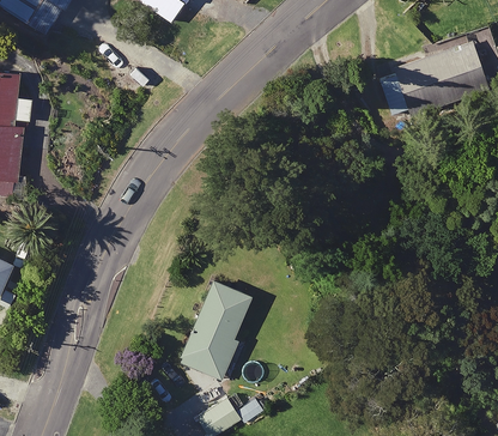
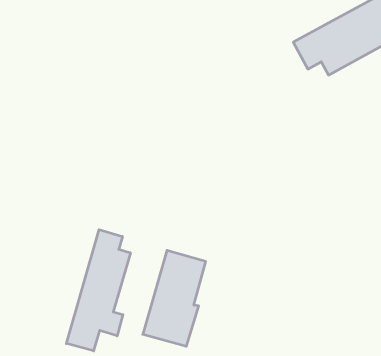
building: none -> [66,230,130,351]

